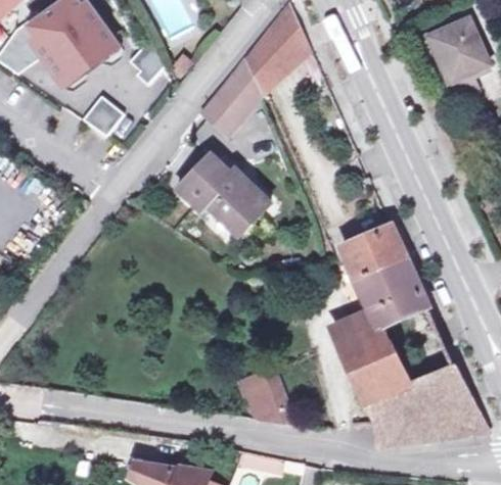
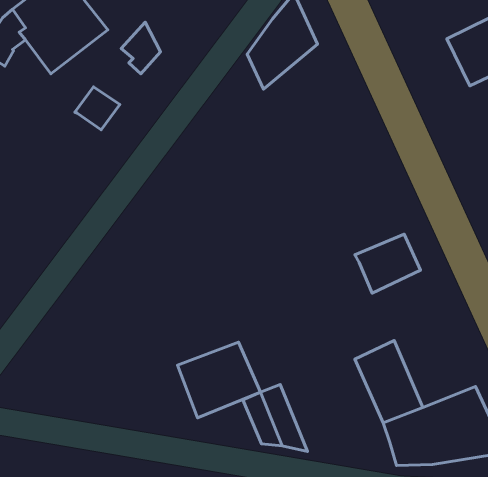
building: [201,58,261,132] -> none
building: [177,154,270,233] -> none
building: [337,252,427,342] -> none
building: none -> [178,342,260,418]

